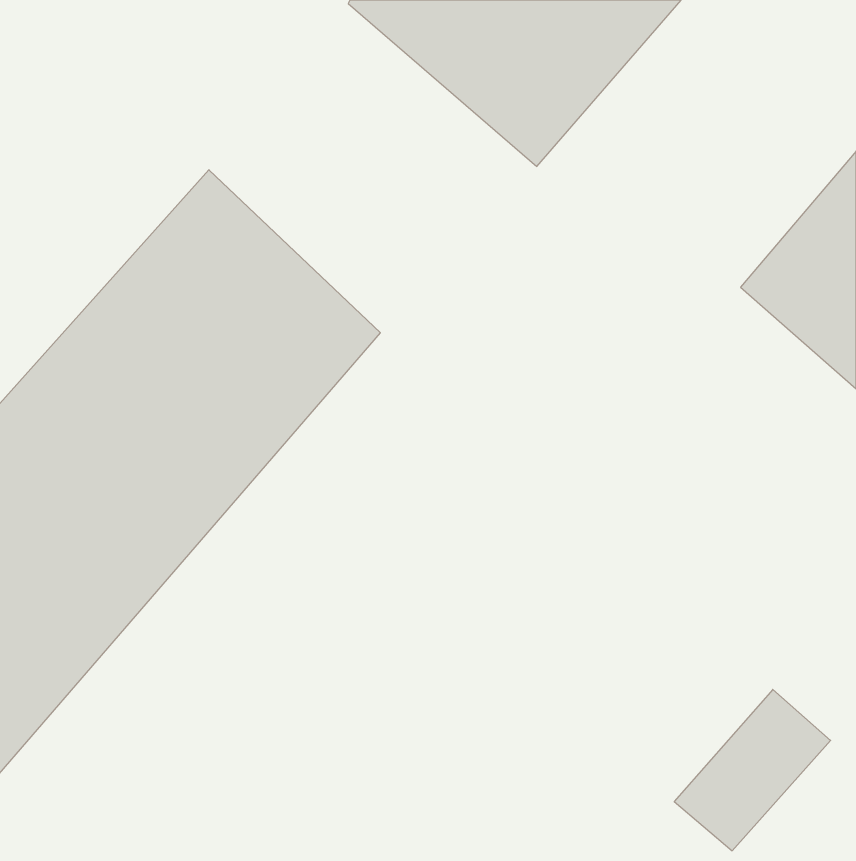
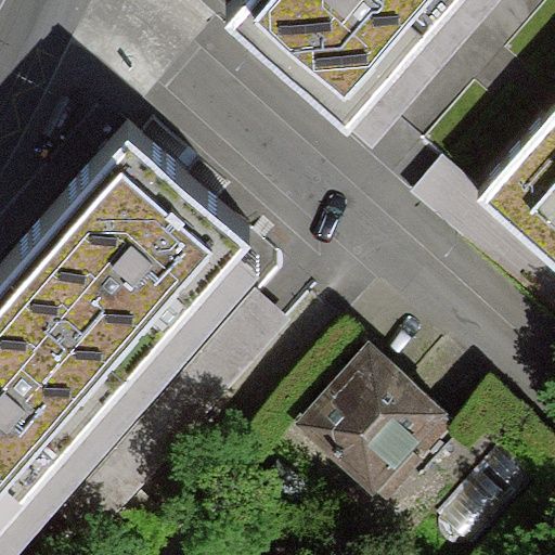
building: none -> [301,347,434,493]

